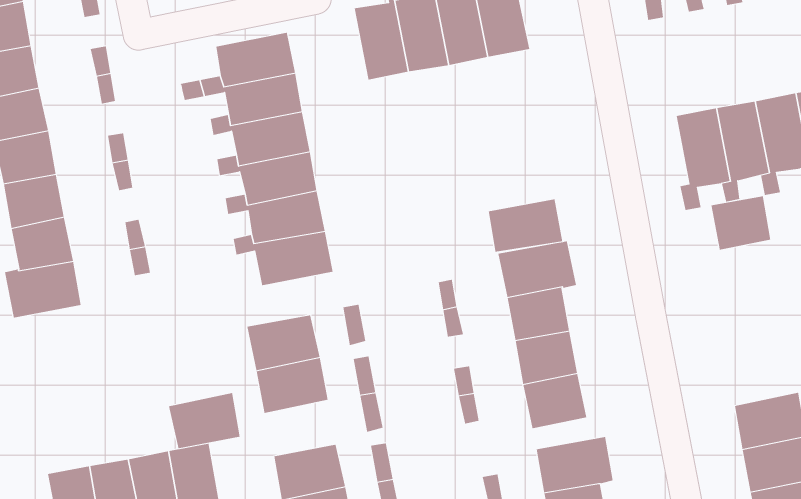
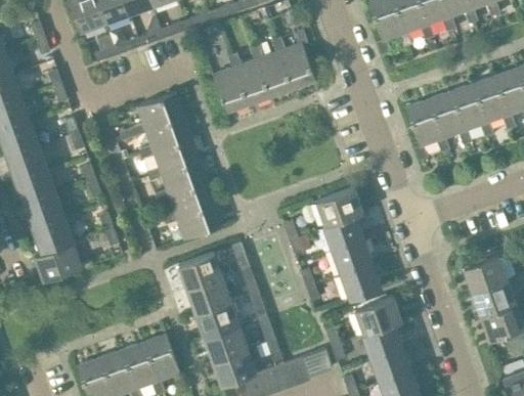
building: [711,196,771,250] -> none
building: [488,199,563,252] -> none
building: [168,393,241,449] -> [194,299,238,336]

